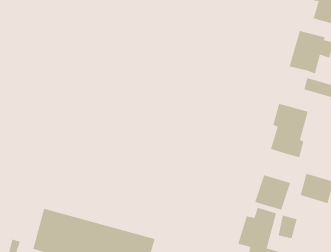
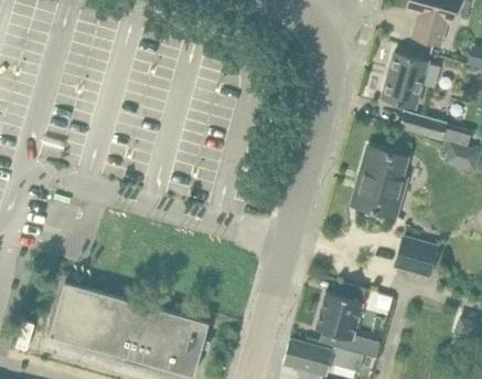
building: [255,174,291,211] -> none

